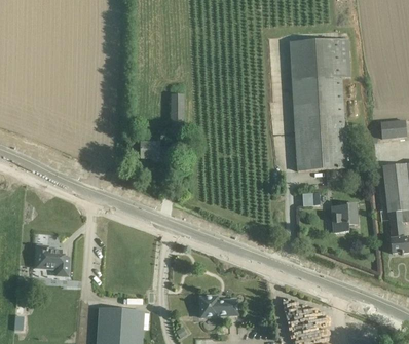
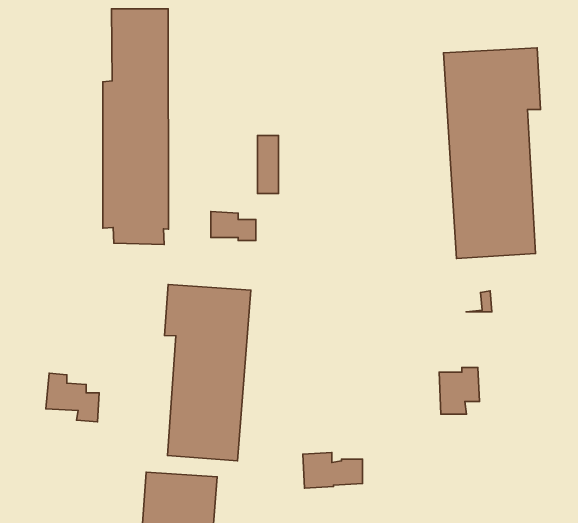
building: none -> [103,9,169,244]
building: none -> [165,284,251,461]
building: [332,202,358,232] -> [439,367,480,414]

